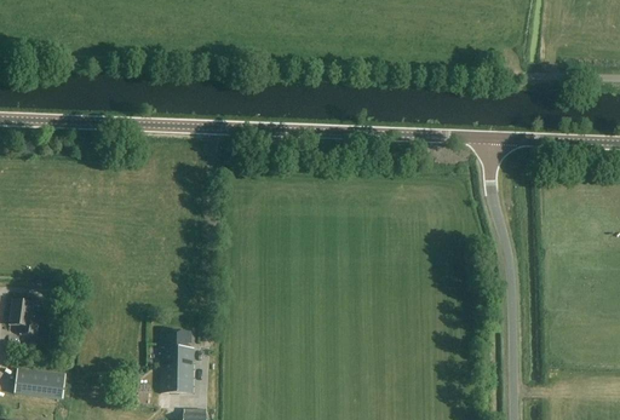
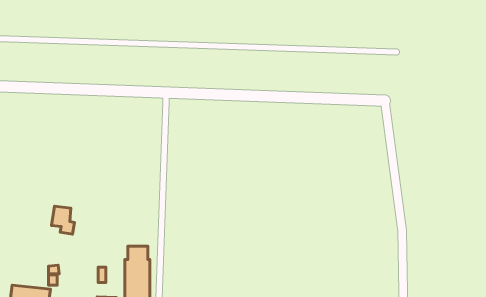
building: [10,298,39,333] -> [52,206,75,234]

